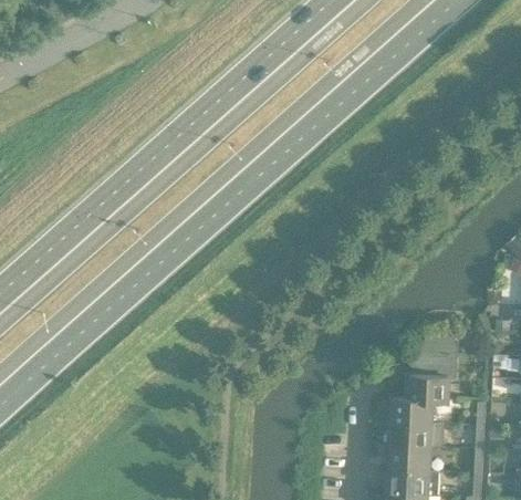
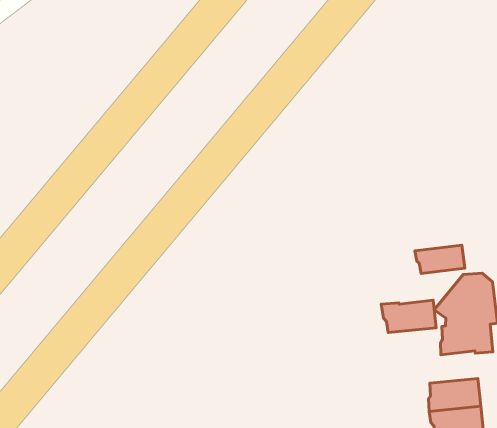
building: none -> [415,245,465,274]
building: [388,404,434,431] -> [381,300,436,333]

